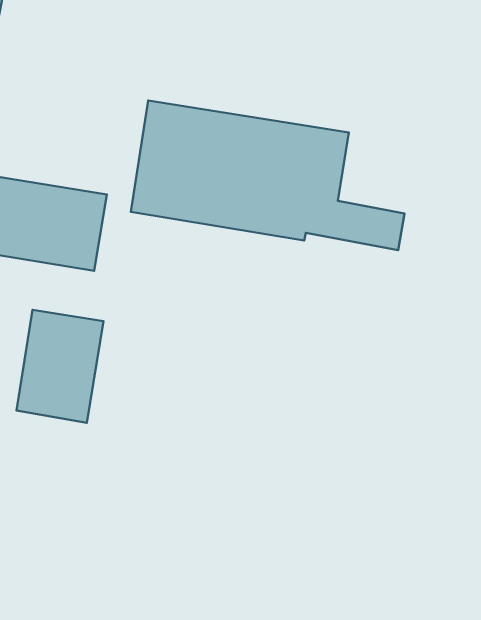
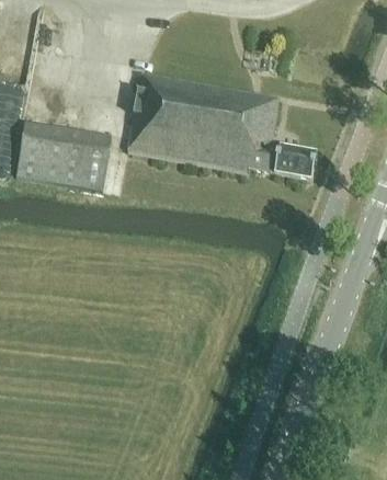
building: [16,310,103,423] -> none

